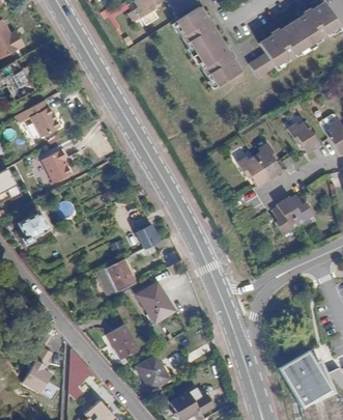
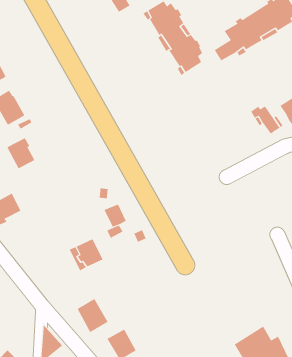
building: [238,140,282,185] -> none
building: [271,193,313,234] -> none
building: [138,280,174,319] -> none

